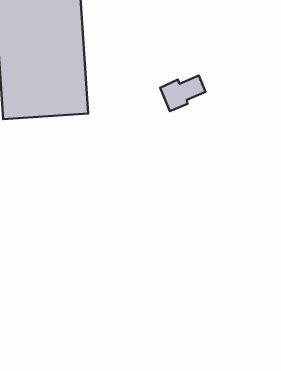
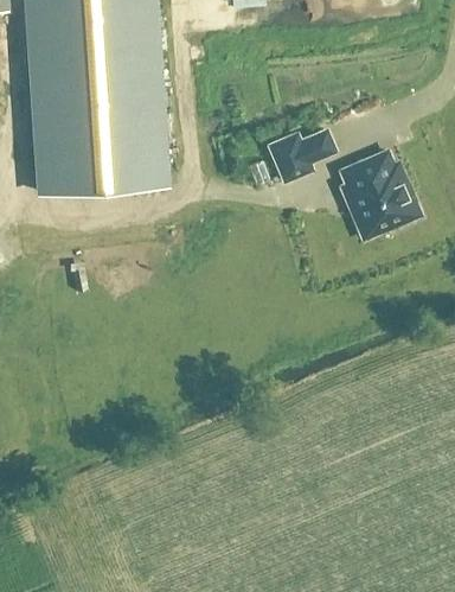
building: none -> [342,154,411,237]

